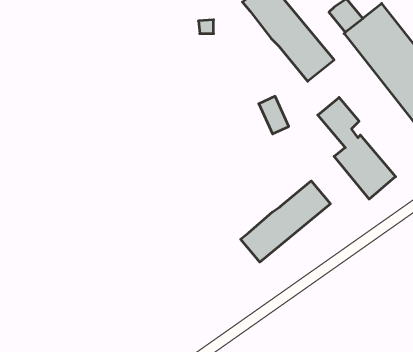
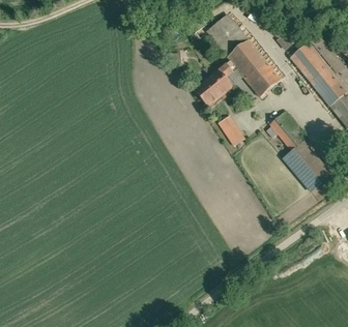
building: none -> [193,64,233,107]
building: [241,181,330,262] -> none

